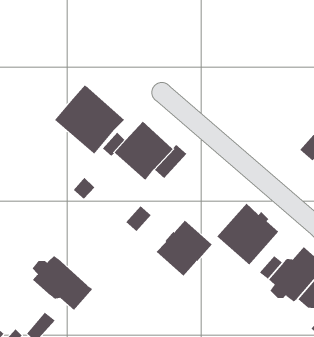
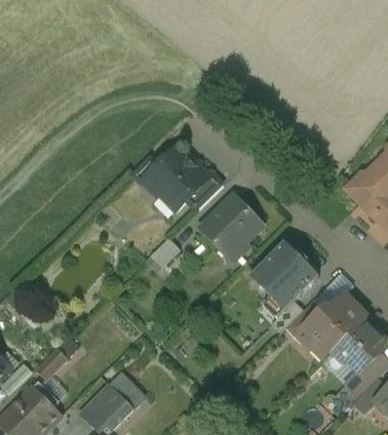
building: [54,84,125,154] -> none
building: [156,220,213,276] -> [198,195,261,256]
building: [32,255,93,311] -> none

